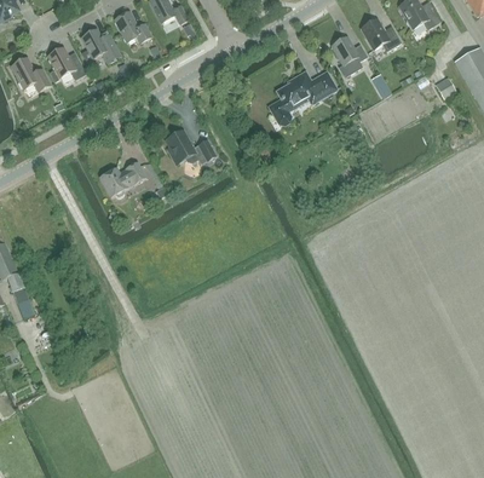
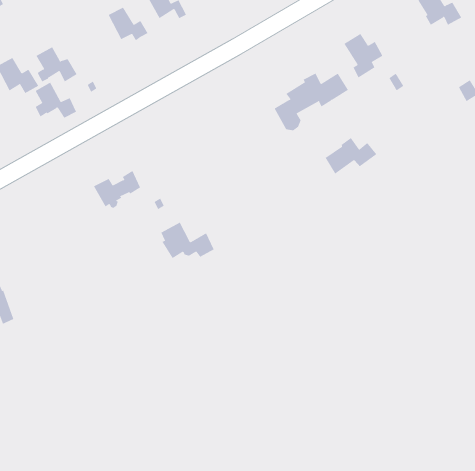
building: [363,17,402,50] -> none
building: [82,28,121,62] -> [35,82,77,119]
building: [166,129,215,163] -> [160,222,214,259]
building: none -> [325,137,377,175]

